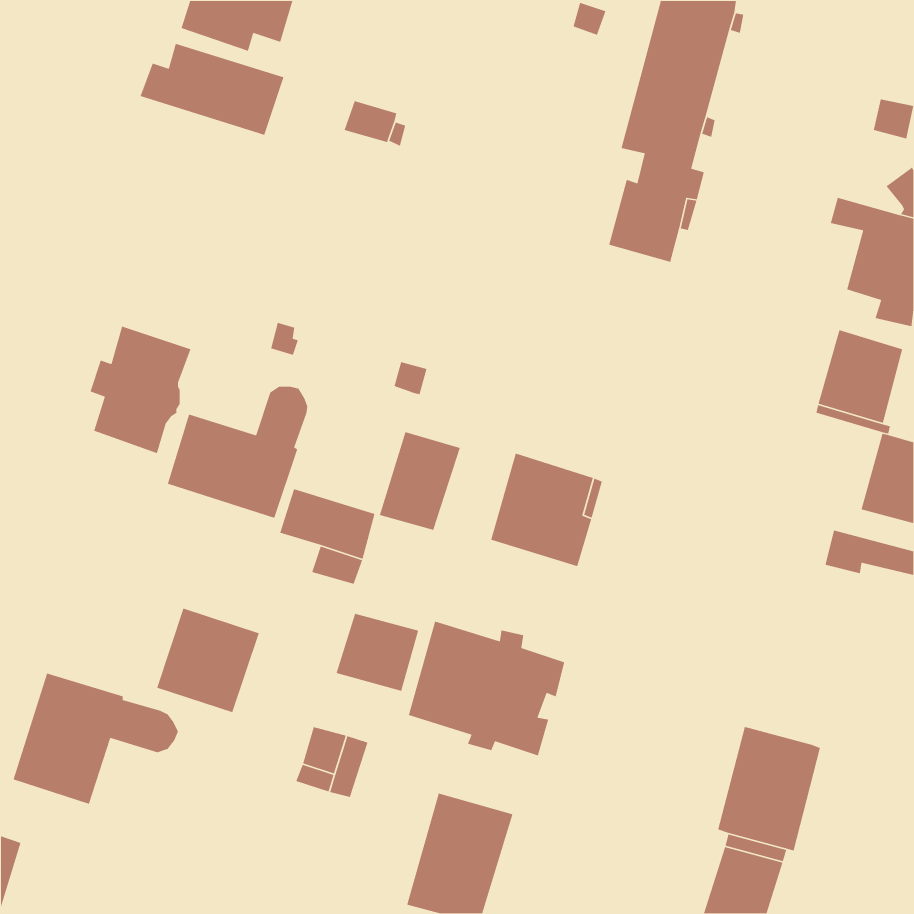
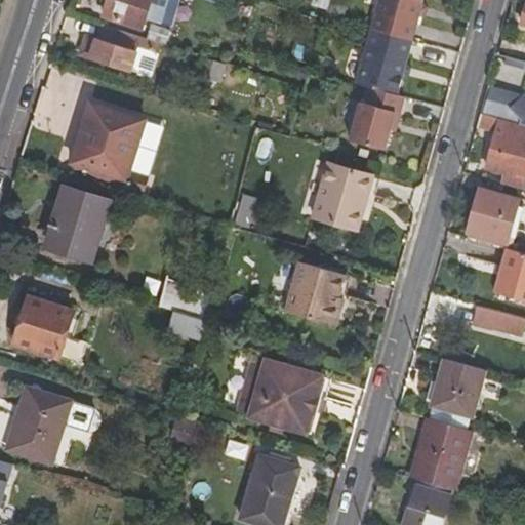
building: none -> [72,103,144,178]
building: none -> [305,162,366,230]
building: [167,386,308,519] -> none
building: [379,431,461,531] -> none
building: [156,608,260,713] -> [15,296,75,357]
building: [335,613,419,692] -> none
building: none -> [431,357,486,427]

